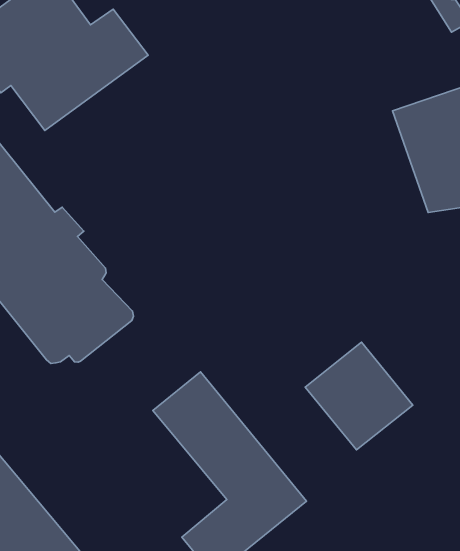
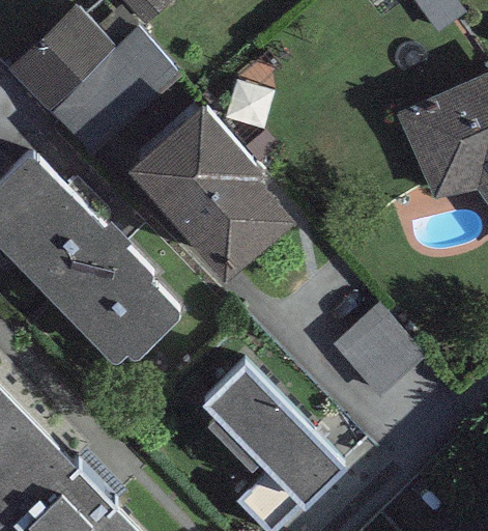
building: none -> [126,99,297,275]

